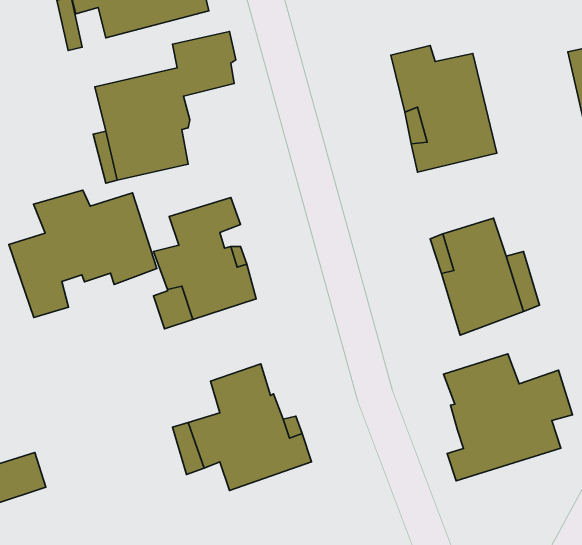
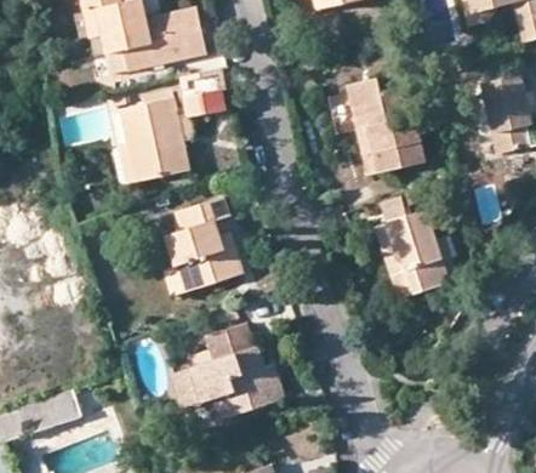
building: [9,190,157,317] -> none
building: [444,354,573,481] -> none

